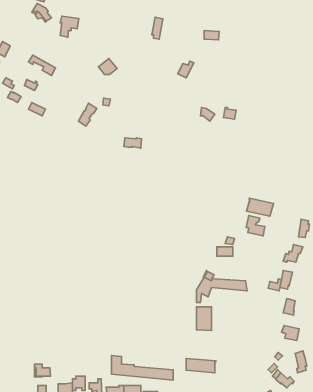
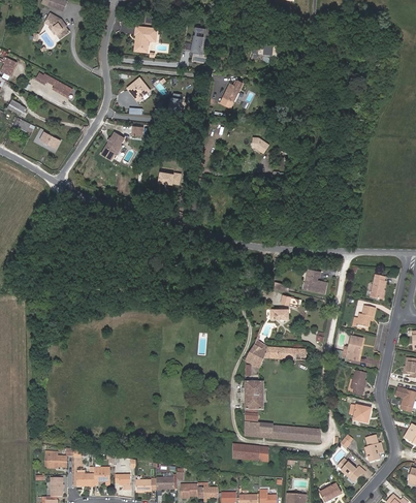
building: [60,16,79,37] -> [132,27,155,53]
building: [246,198,274,216] -> none
building: [112,356,173,380] -> [245,412,320,442]

